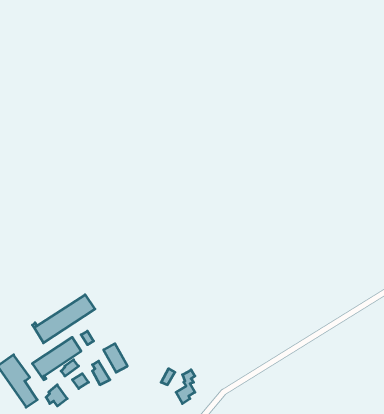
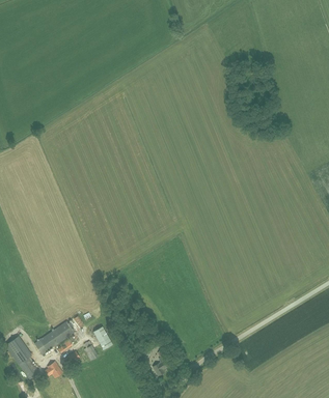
building: [32,295,95,343] -> none

